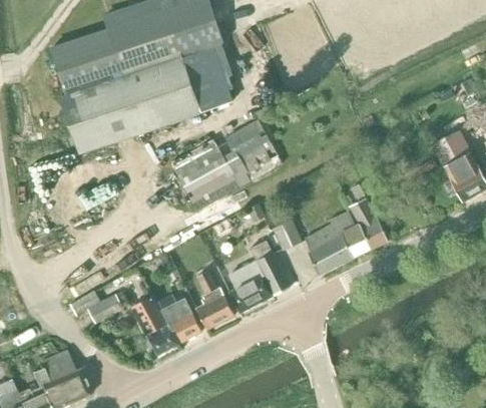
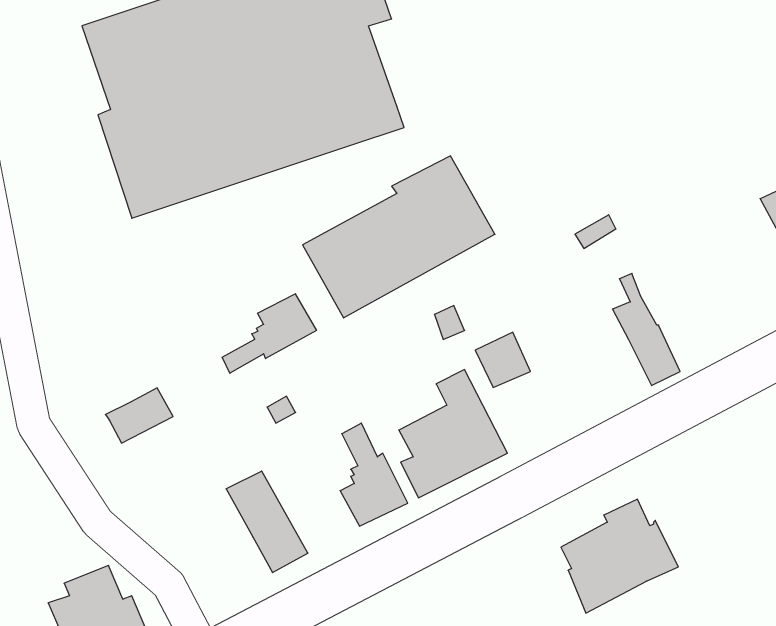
building: none -> [222,294,316,373]
building: [305,210,371,274] -> [561,499,678,613]
building: [86,292,124,323] -> [105,388,173,443]
building: [158,292,200,340] -> none

